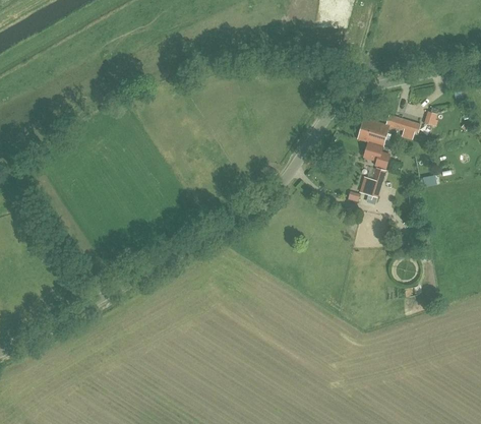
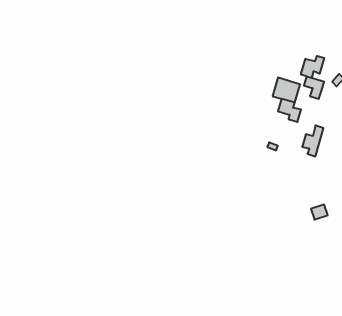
building: none -> [301,56,324,78]
building: [360,167,384,202] -> [302,125,323,156]

